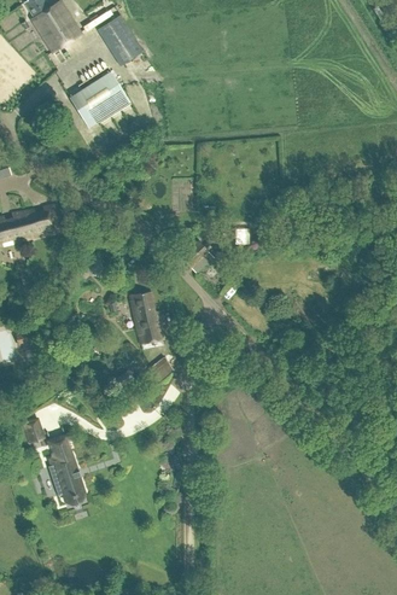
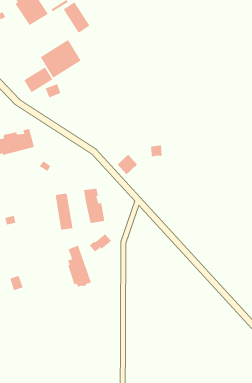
building: none -> [23,67,53,93]
building: none -> [55,192,73,230]
building: [48,437,84,500] -> [67,245,92,288]

